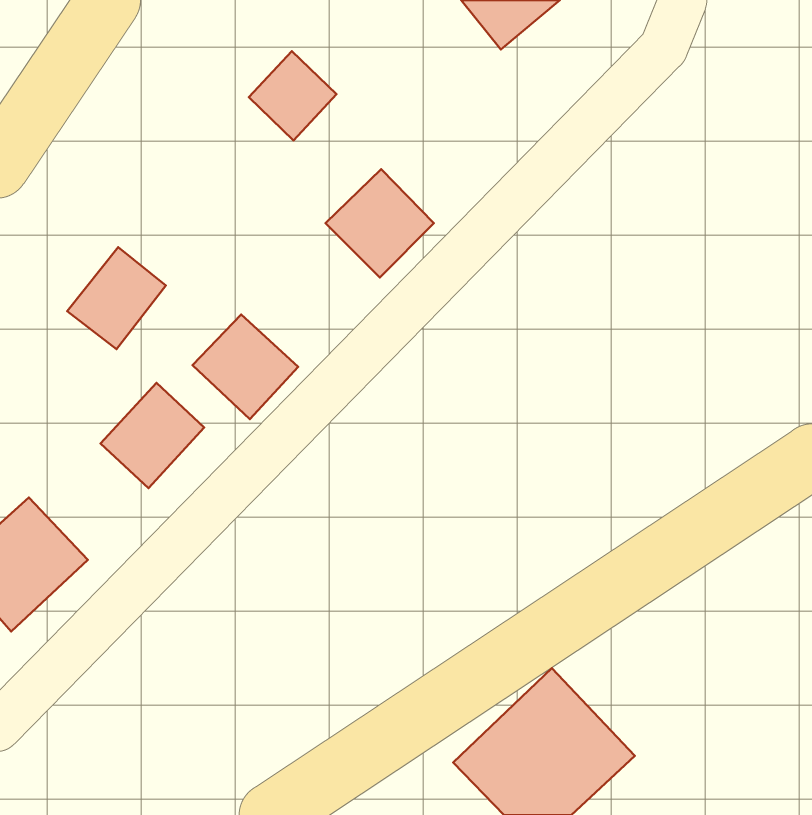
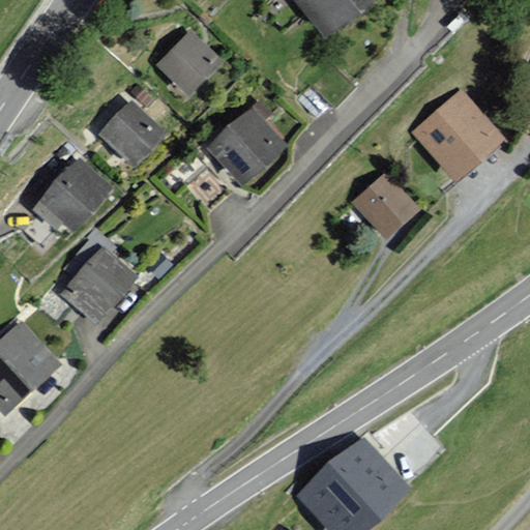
building: none -> [416,94,500,178]
building: none -> [101,101,164,163]
building: none -> [354,175,412,233]
building: [192,314,298,419] -> none

